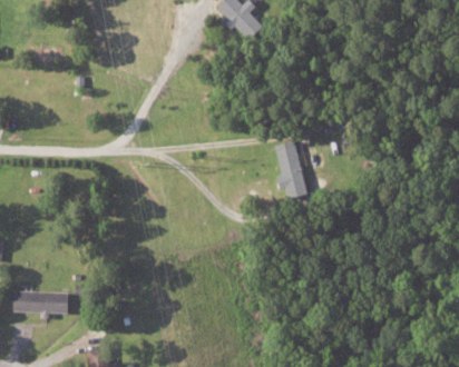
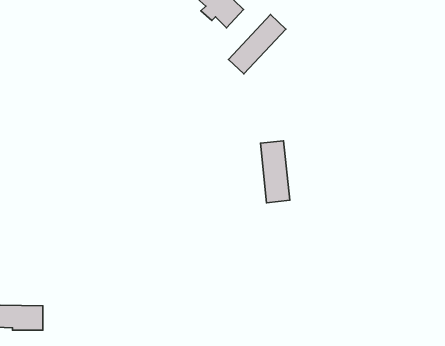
building: none -> [229,15,286,74]

